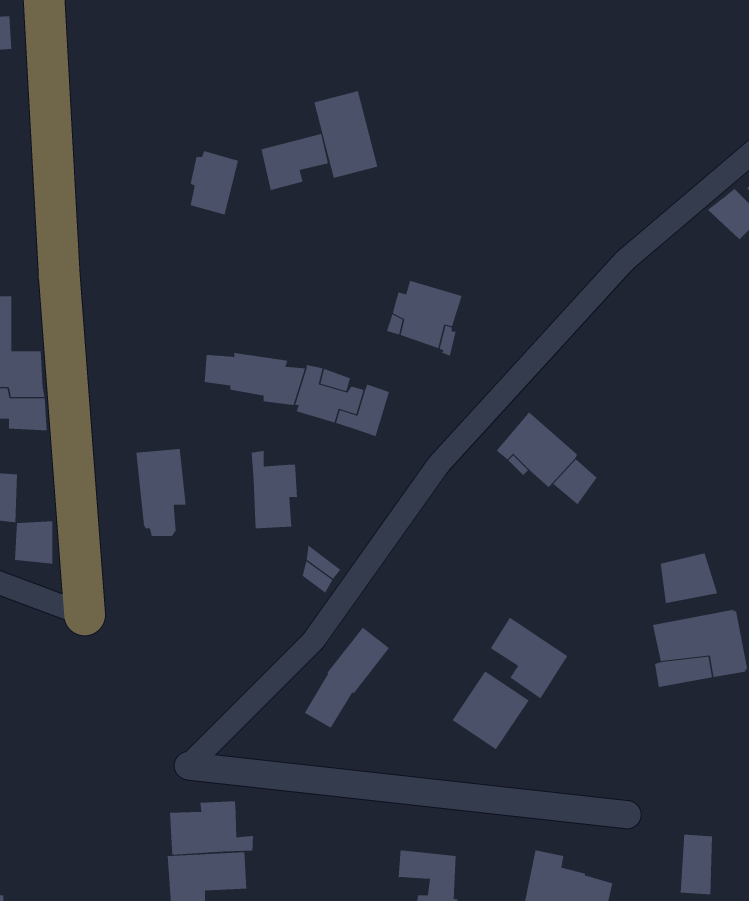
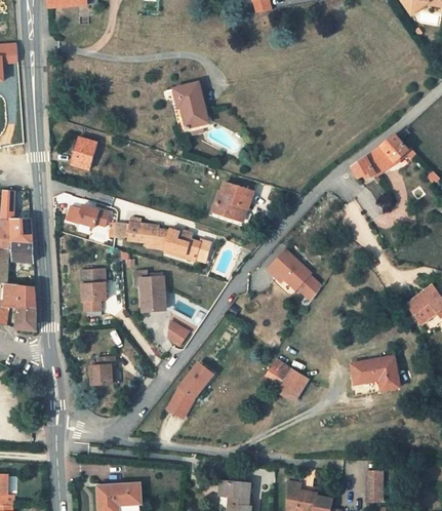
building: [261,133,328,191] -> none
building: [190,151,239,215] -> [72,135,97,169]
building: none -> [352,146,396,180]
building: none -> [68,205,110,228]
building: none -> [17,284,37,310]
building: [660,553,718,604] -> none
building: none -> [90,357,114,385]
building: [452,670,529,750] -> none
building: [170,801,253,855] -> none

